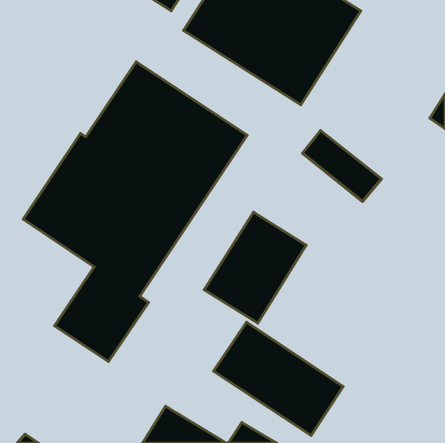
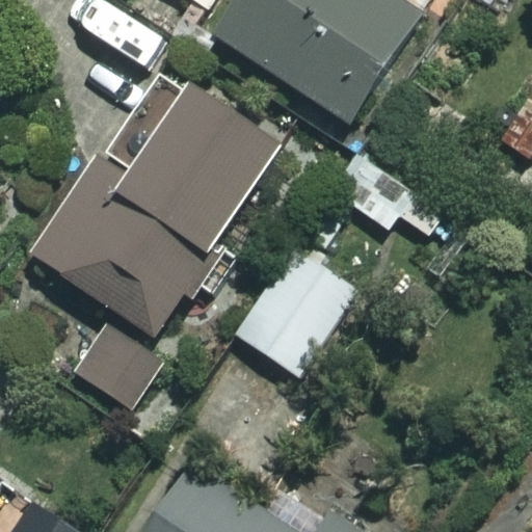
building: [213,322,343,435] -> none

